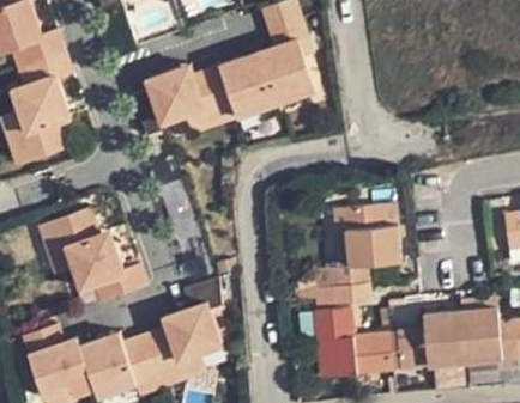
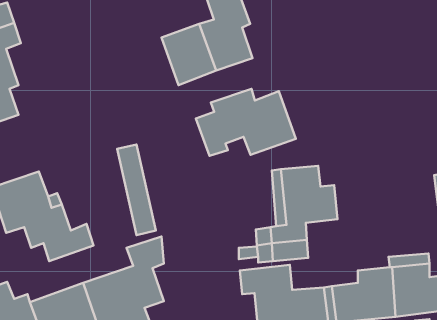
building: [131,66,236,136] -> [196,89,296,156]

